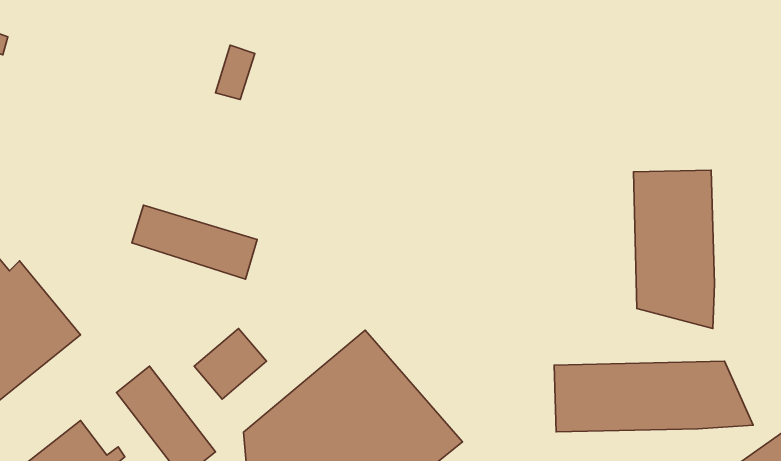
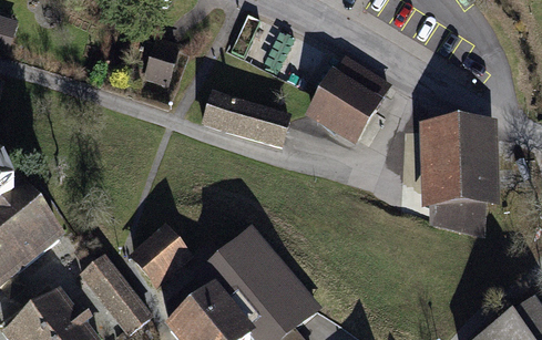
building: none -> [313,60,388,135]
building: [132,205,257,279] -> [204,94,288,144]
building: [554,361,753,432] -> none

